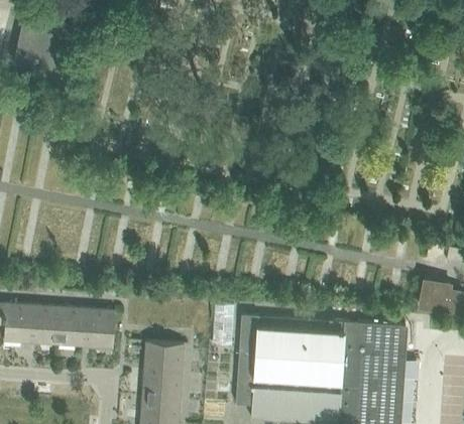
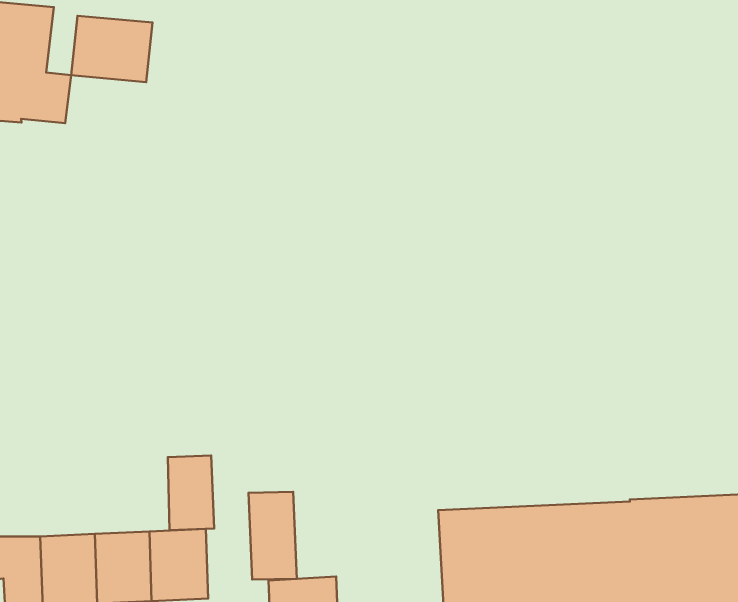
building: none -> [71,16,152,82]
building: none -> [168,456,214,530]
building: none -> [248,492,297,580]

